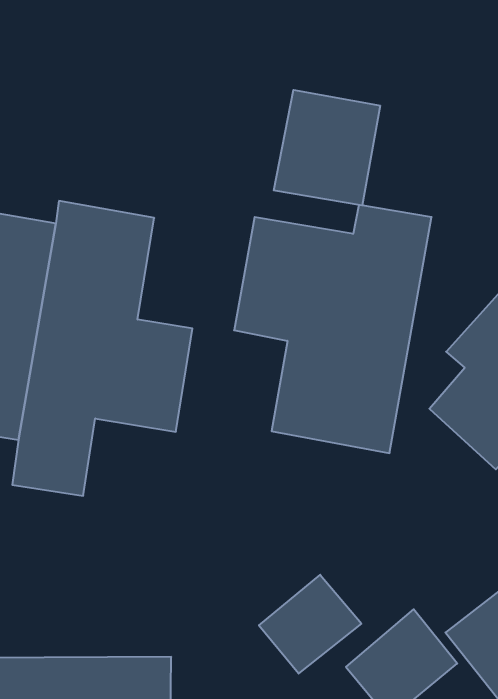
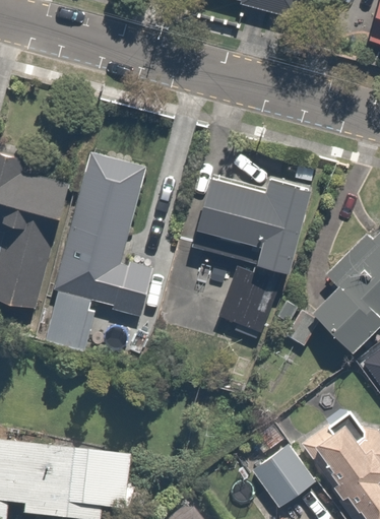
building: [274,90,380,205] -> none
building: [259,575,361,674] -> none

